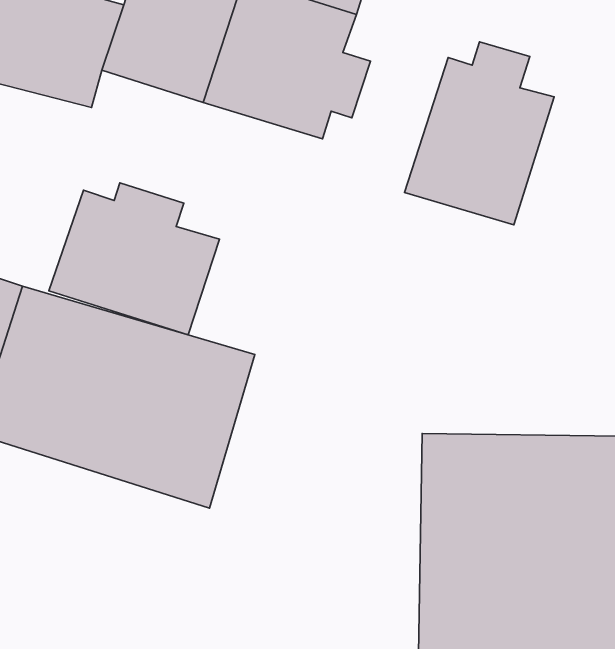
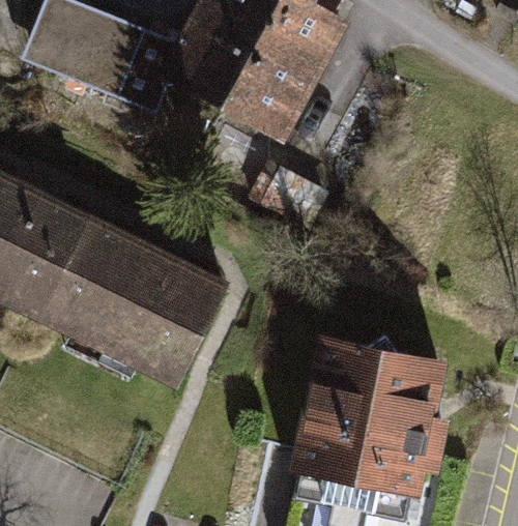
building: [405,42,554,225] -> none
building: [49,183,220,335] -> none

